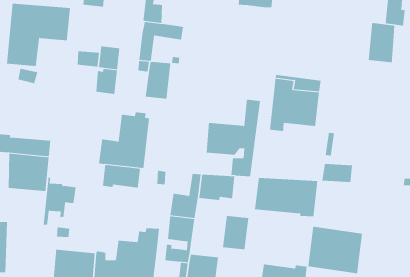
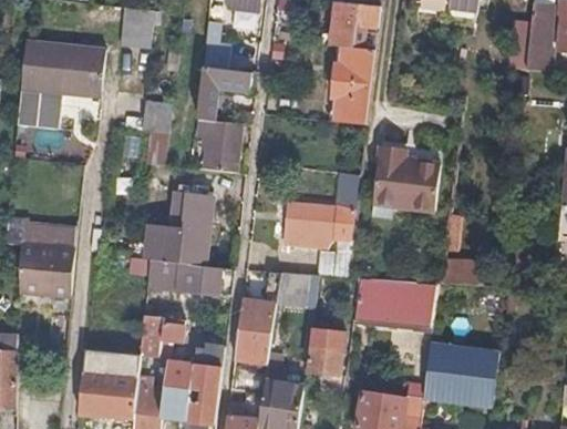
building: none -> [333,45,375,124]
building: [368,22,395,63] -> none
building: [43,177,77,225] -> [138,307,184,371]

